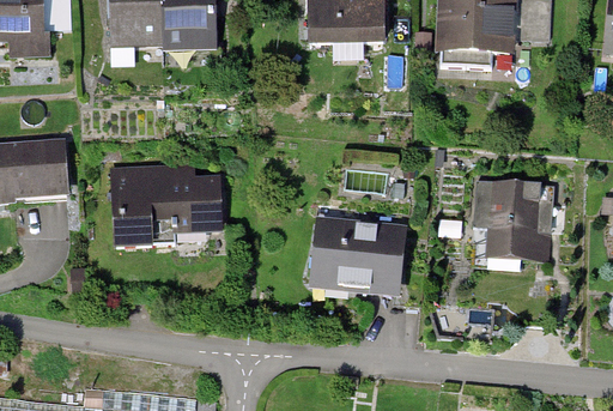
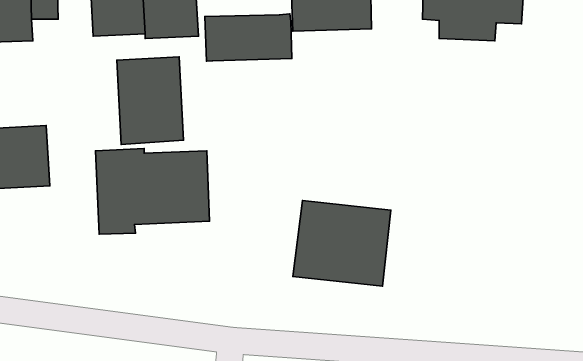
building: none -> [205,14,292,61]
building: none -> [117,57,184,145]
building: [474,179,557,258] -> none

